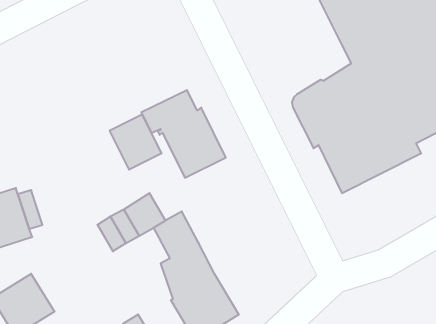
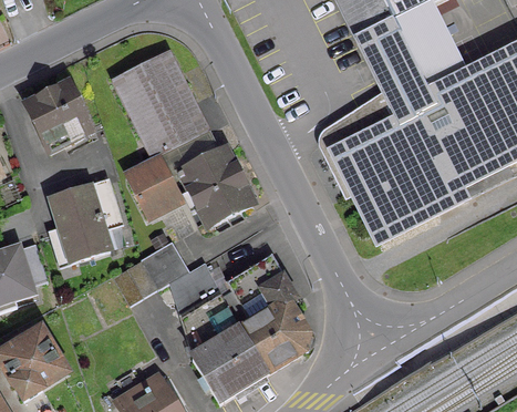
building: none -> [111,50,209,159]
building: none -> [25,83,92,153]
building: none -> [49,181,121,266]
building: none -> [221,262,307,374]

